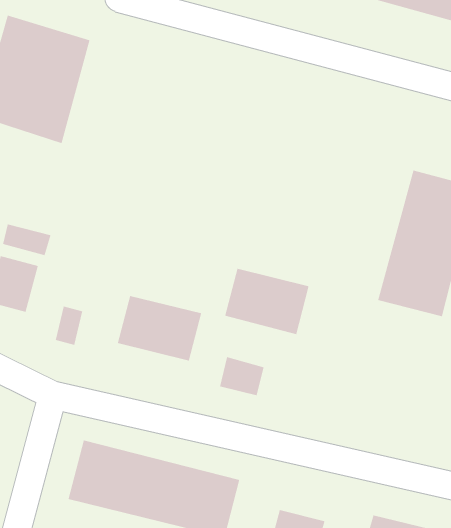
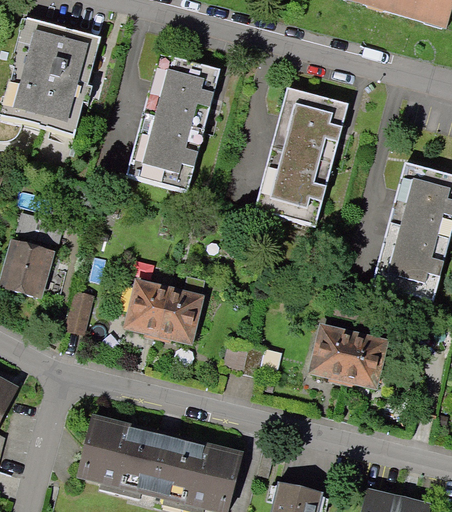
building: none -> [126,52,221,192]
building: none -> [255,87,350,227]
building: [224,268,310,335] -> [306,325,387,389]

